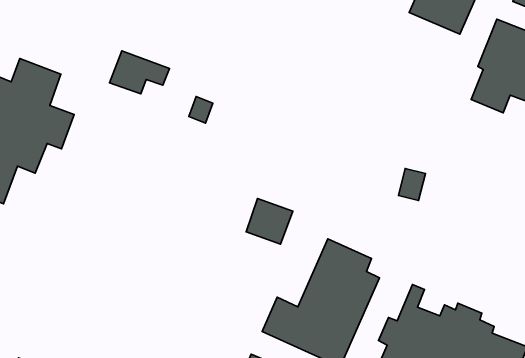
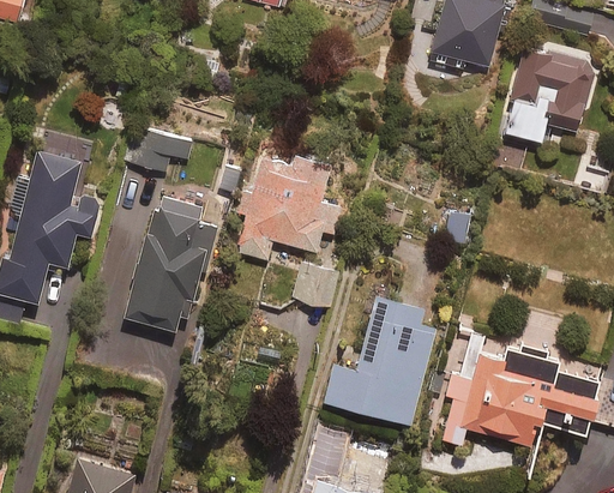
building: none -> [236,154,360,259]
building: none -> [122,197,221,332]

